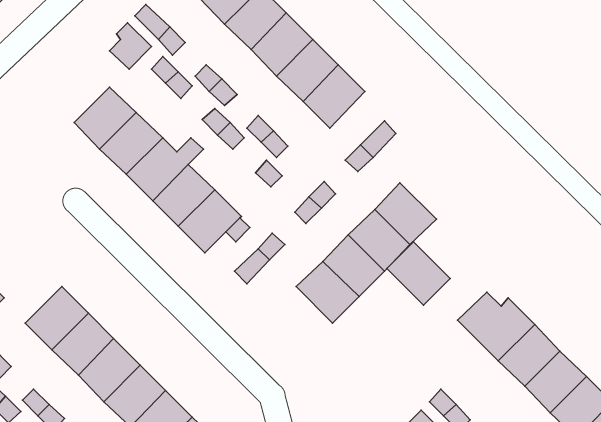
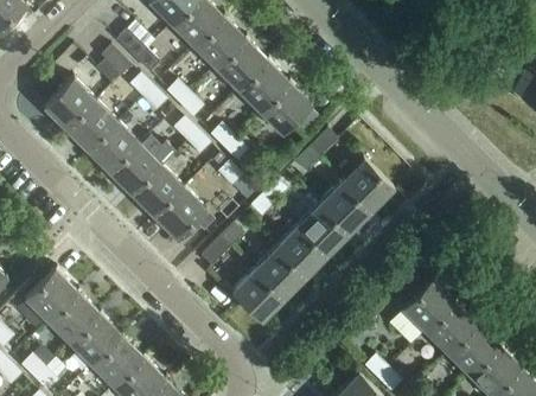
building: none -> [44,78,96,130]
building: [387,242,450,305] -> [342,159,395,212]
building: none -> [232,269,285,322]

